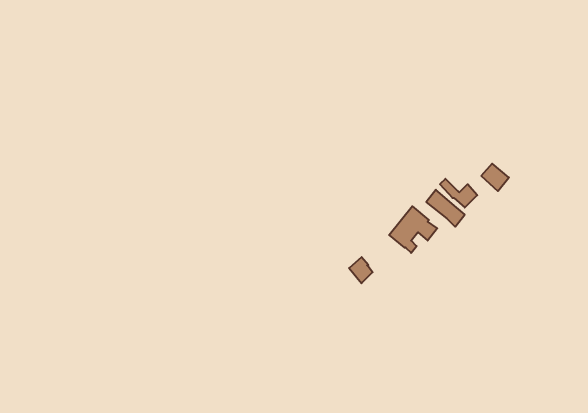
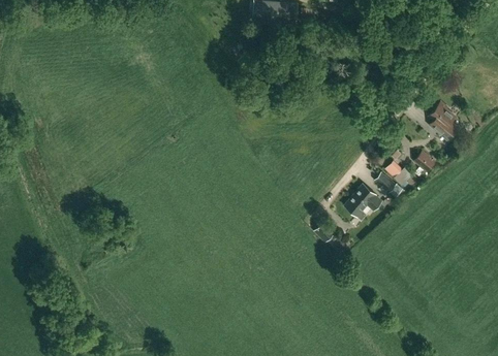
building: none -> [428,102,458,139]

